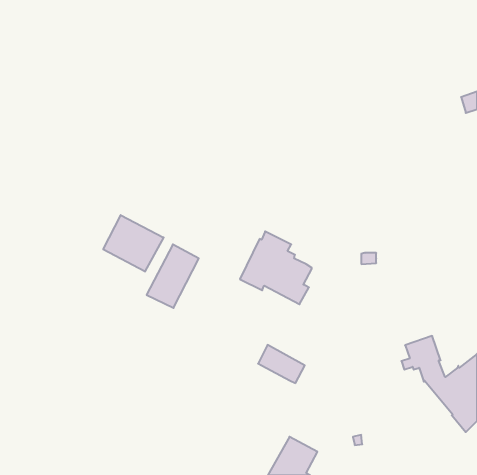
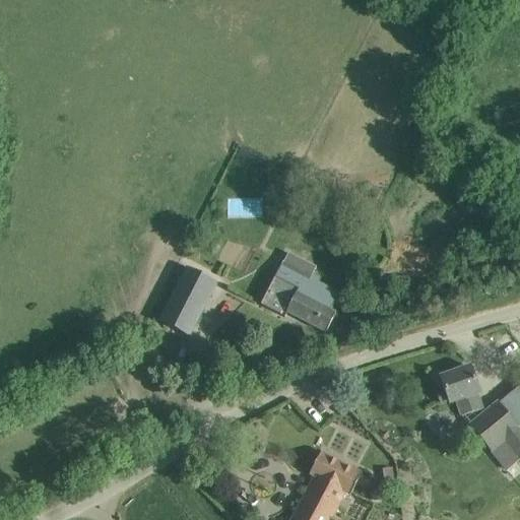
building: [103,215,164,272] -> none
building: [258,345,305,383] -> [311,453,362,495]

